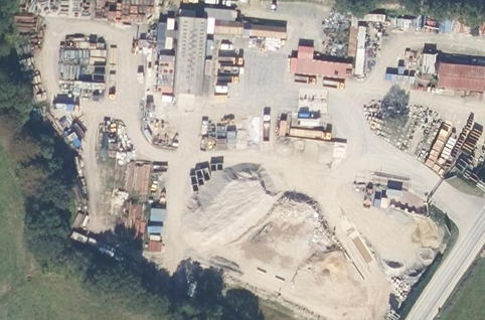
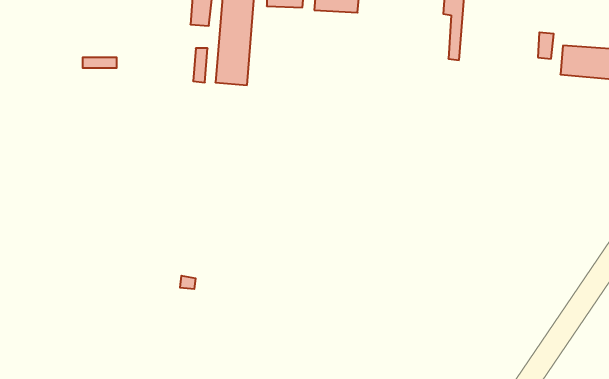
building: [289,45,352,77] -> none

